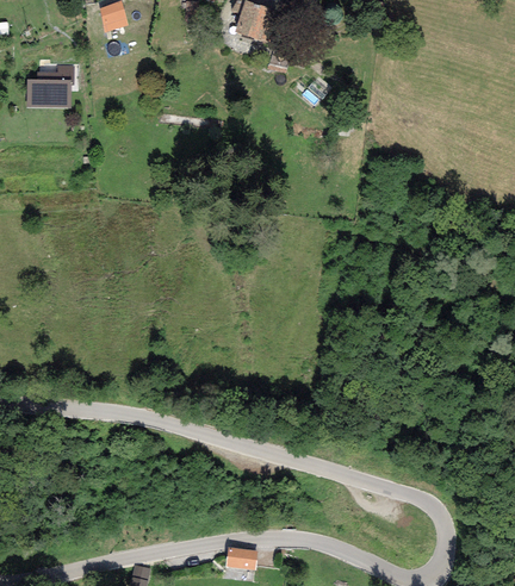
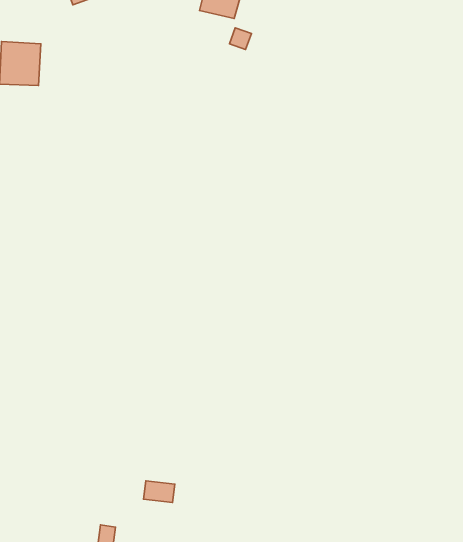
building: [225,547,257,569] -> [144,481,175,503]

